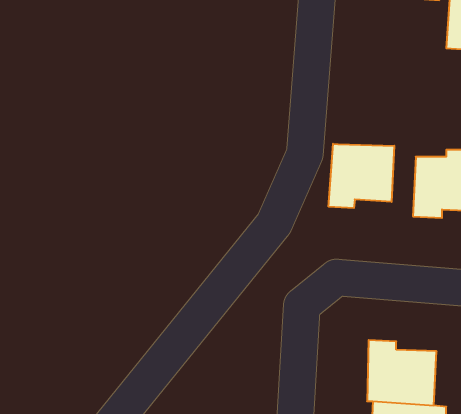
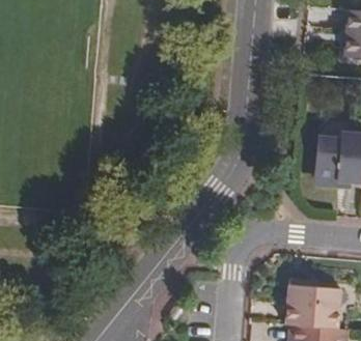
building: [329,144,394,208] -> none

